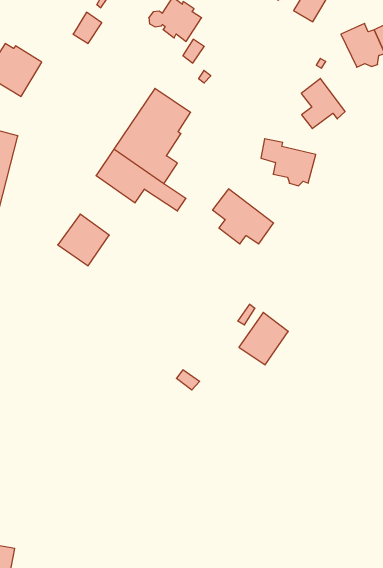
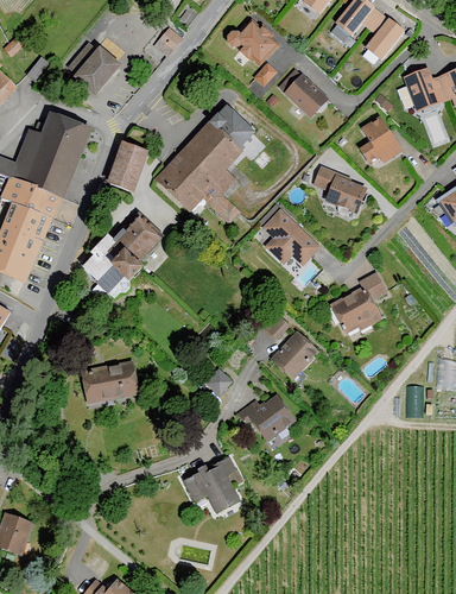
building: none -> [278,69,328,118]
building: none -> [108,143,142,191]
building: none -> [82,235,142,298]
building: none -> [331,272,386,334]
building: none -> [81,364,138,400]
building: none -> [247,396,294,442]
building: none -> [184,456,239,510]

